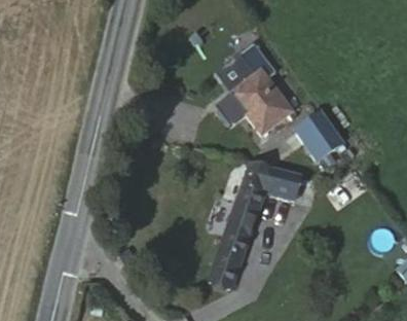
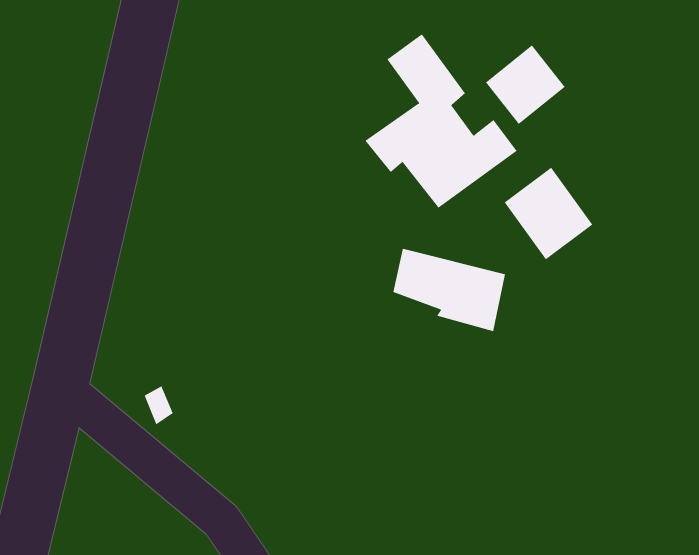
building: none -> [485,44,565,125]
building: [203,184,267,287] -> none

